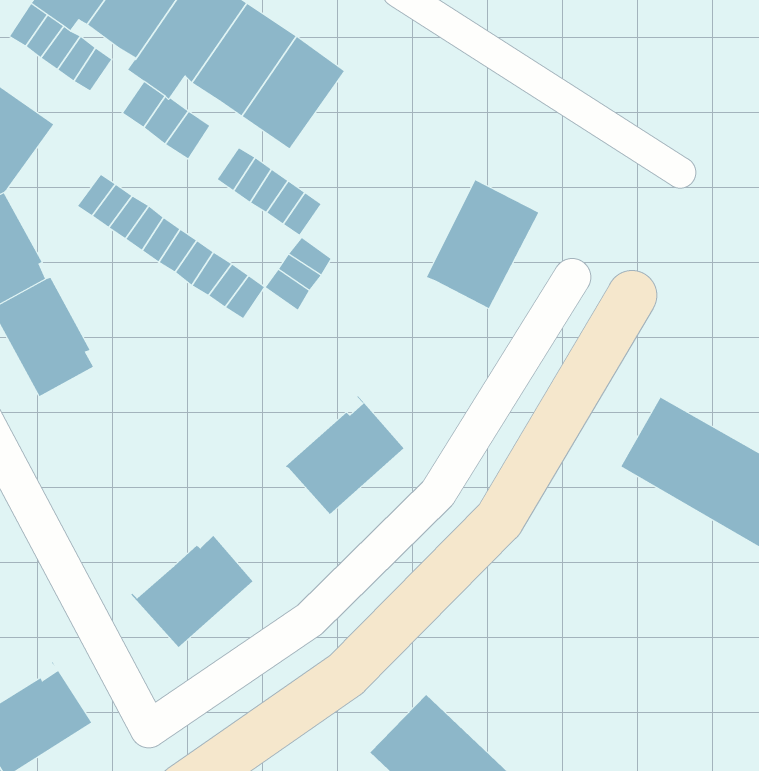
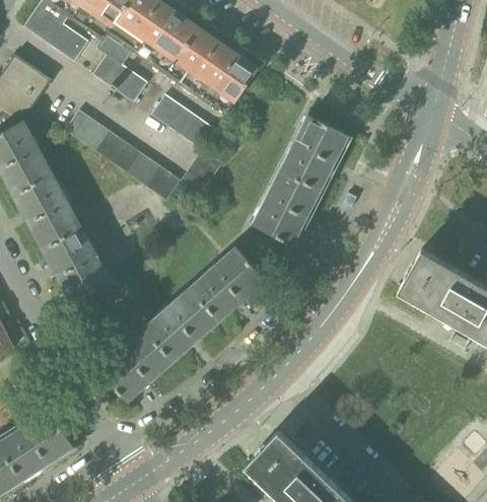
building: none -> [196,49,259,117]
building: none -> [253,174,318,244]
building: none -> [43,228,111,302]
building: none -> [147,291,220,360]

